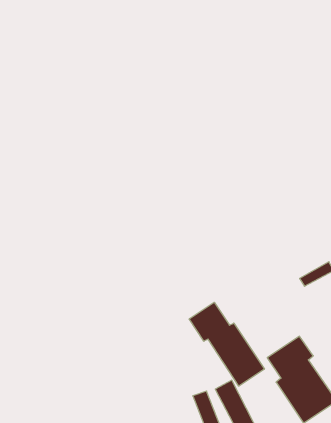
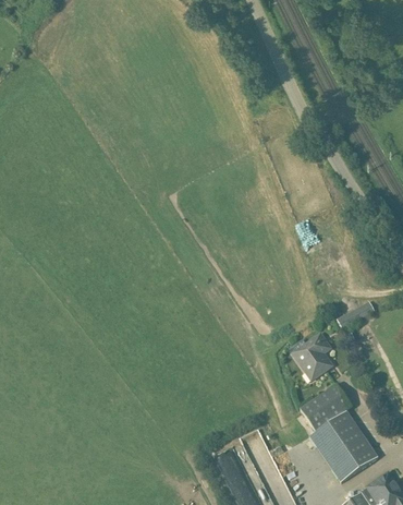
building: none -> [293,337,329,377]
building: [189,302,264,386] -> none

